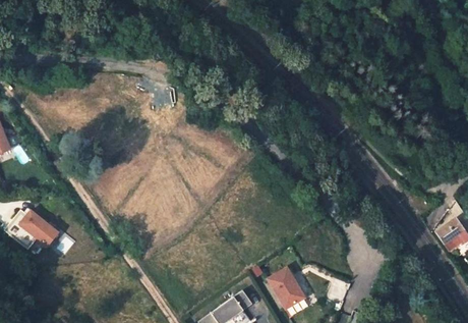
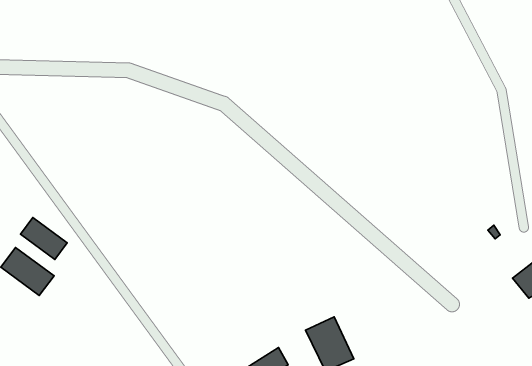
building: none -> [21,217,67,259]

